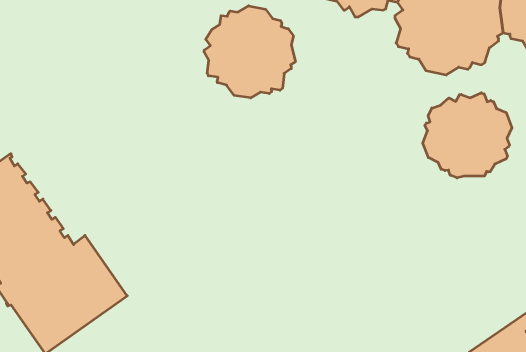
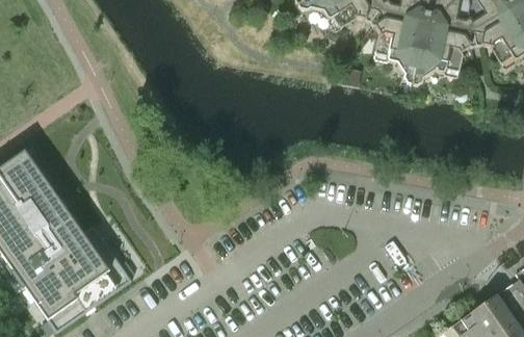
building: [204,6,295,98] -> none
building: [423,93,512,178] -> none

